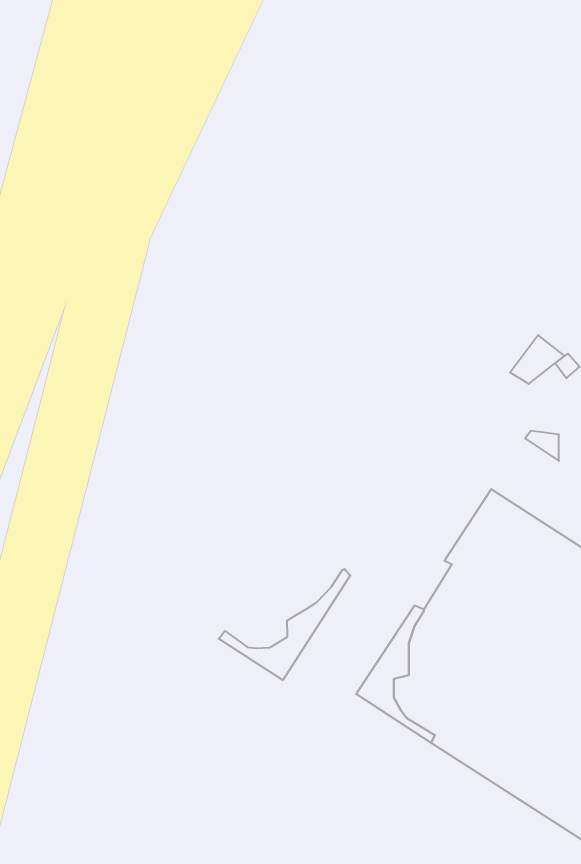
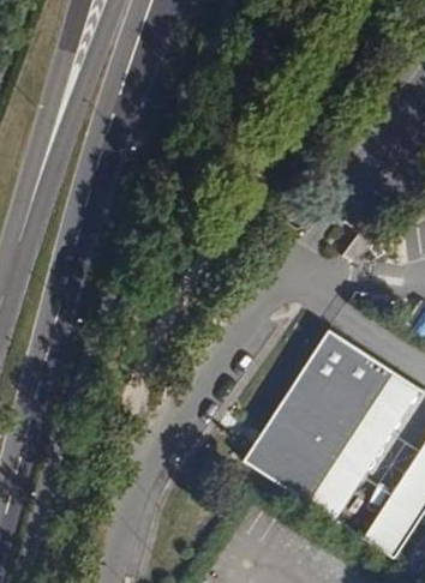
building: [219,569,350,680] -> none

